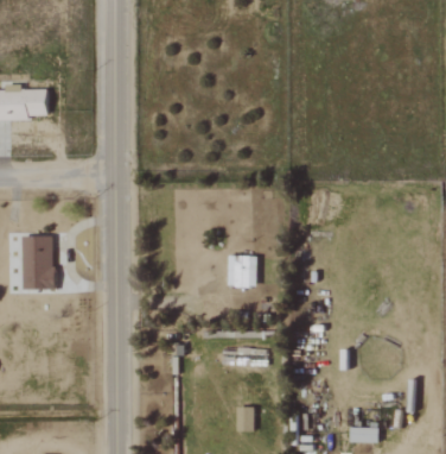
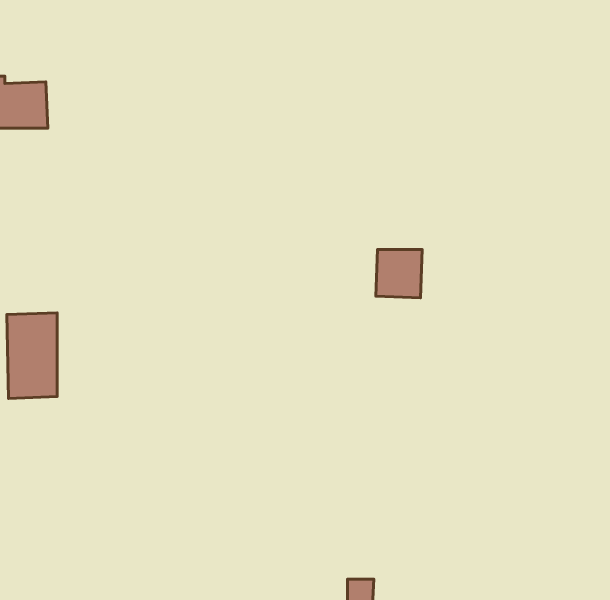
building: [228,257,257,288] -> [376,250,422,298]

